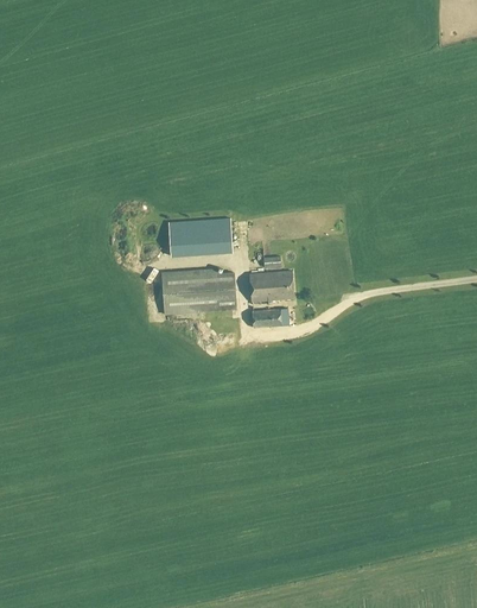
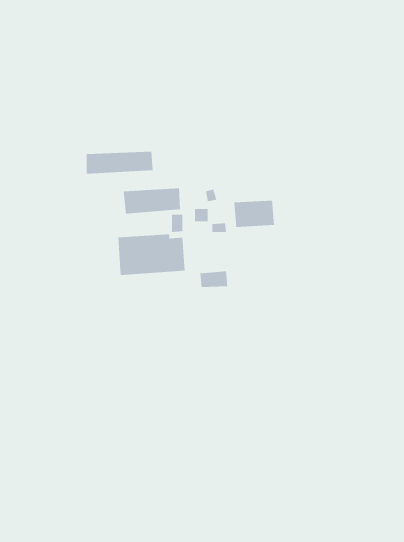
building: none -> [86,151,153,175]
building: [248,271,293,300] -> [233,200,275,227]

